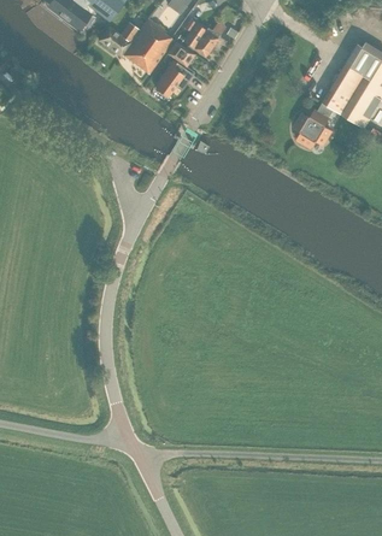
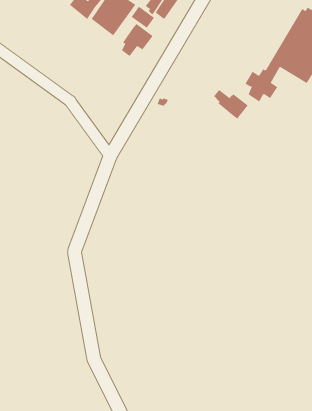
building: none -> [214,89,248,119]

